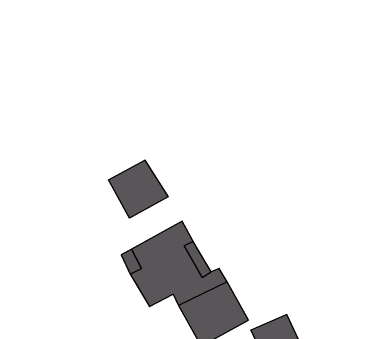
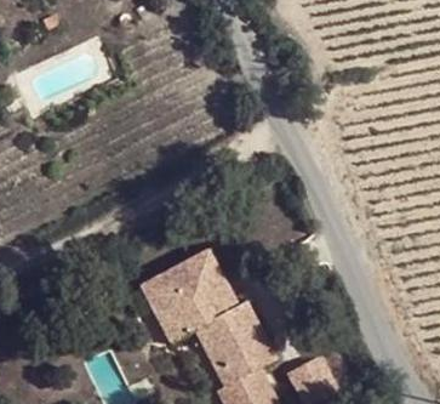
building: [108,160,168,218] -> none

